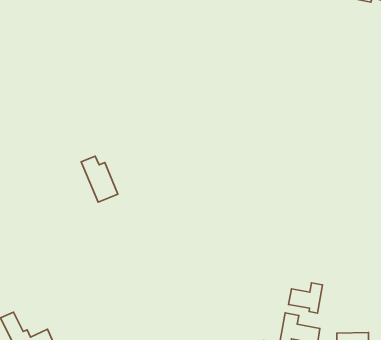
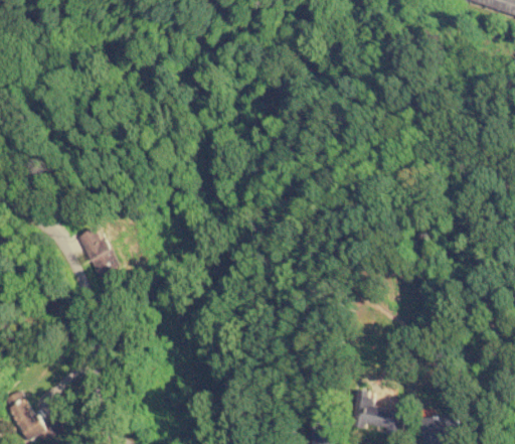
building: [81,156,118,202] -> [80,229,126,286]
building: [289,283,323,313] -> none

